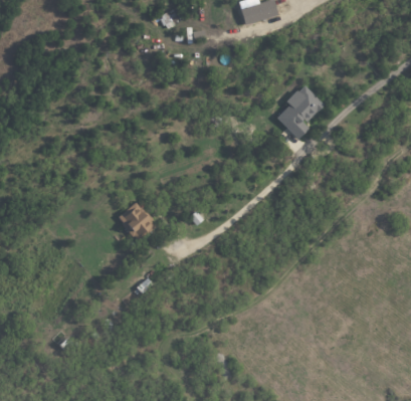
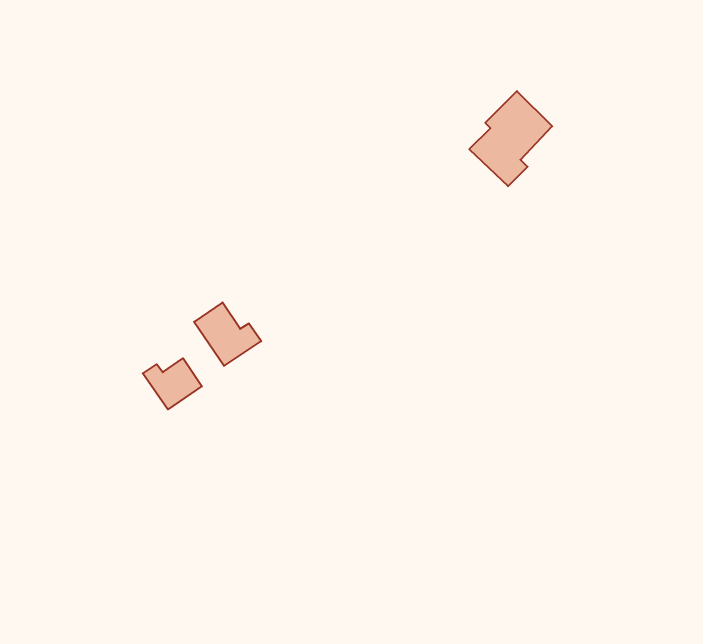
building: none -> [143,358,202,409]

